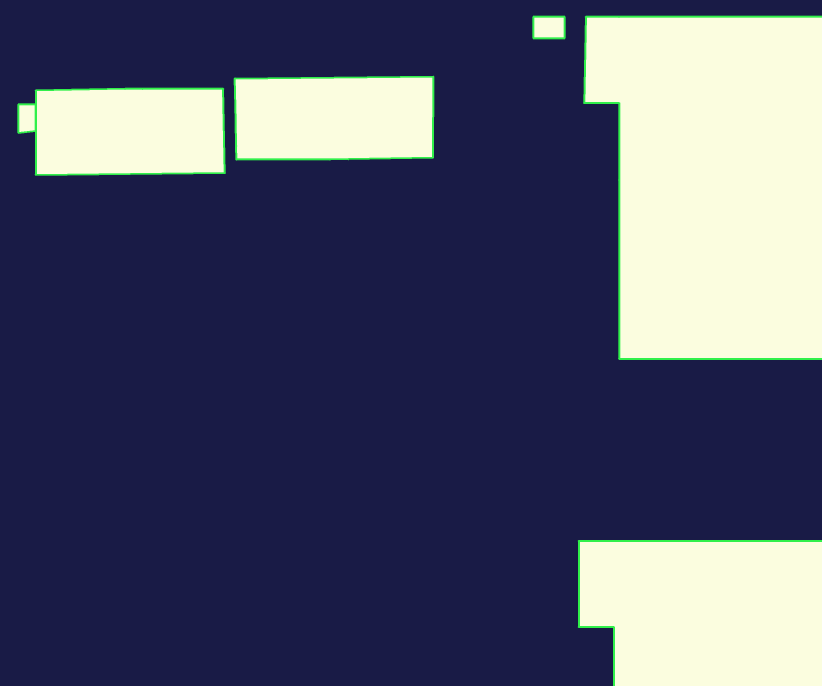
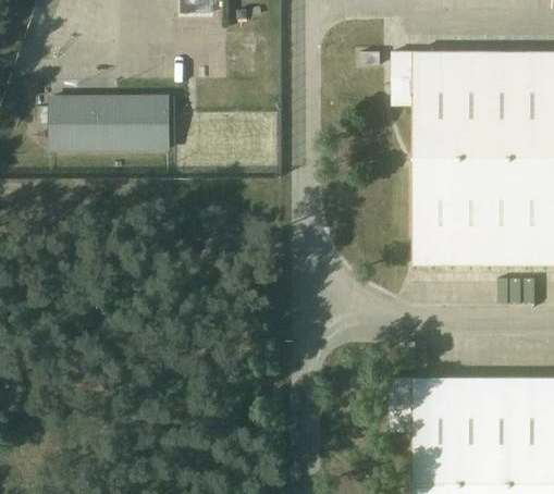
building: [235,77,433,160] -> none

